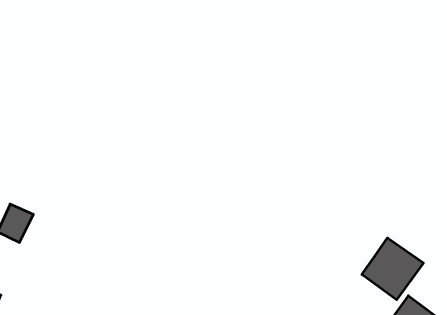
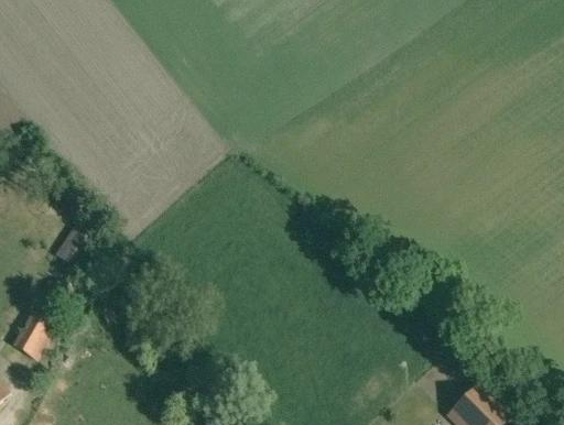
building: [362,238,423,300] -> none

